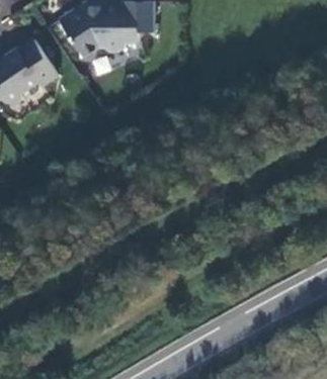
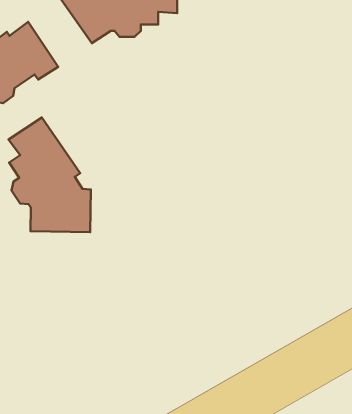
building: none -> [8,117,91,232]

